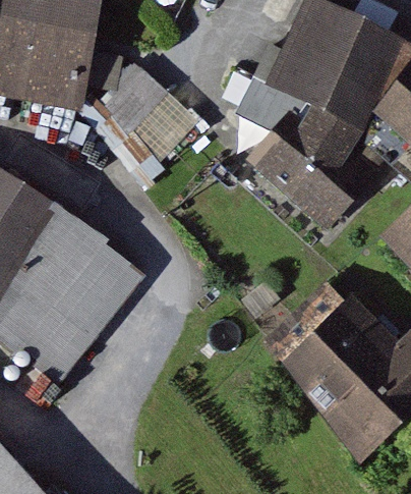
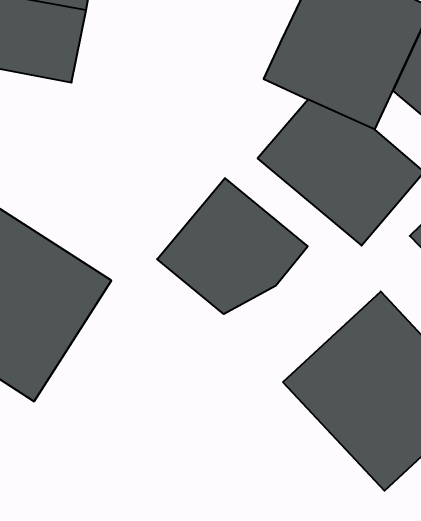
building: [93,64,201,172] -> none
building: none -> [157,178,308,314]

